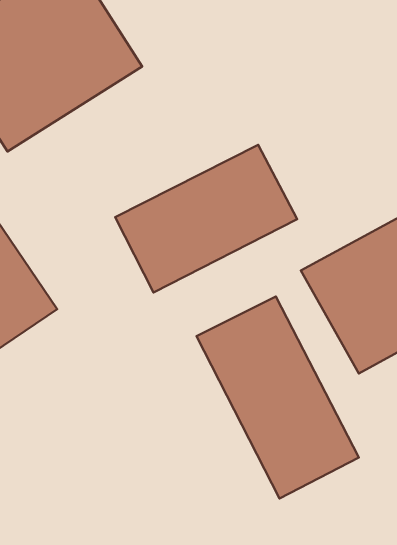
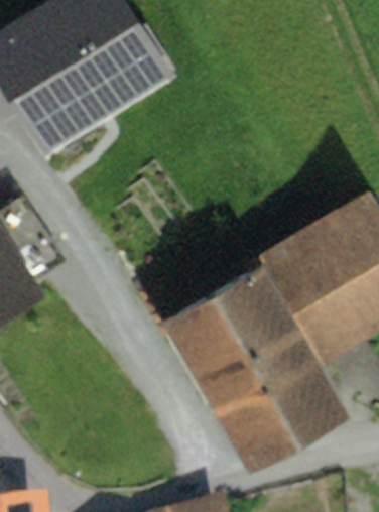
building: [115,145,297,293] -> none

